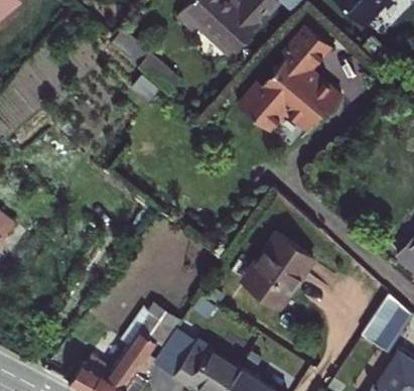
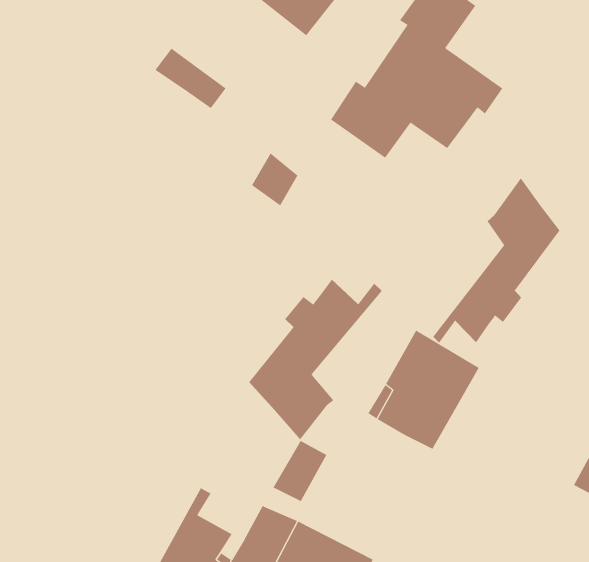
building: none -> [433,178,560,344]
building: none -> [249,279,383,440]
building: [138,306,181,349] -> none

